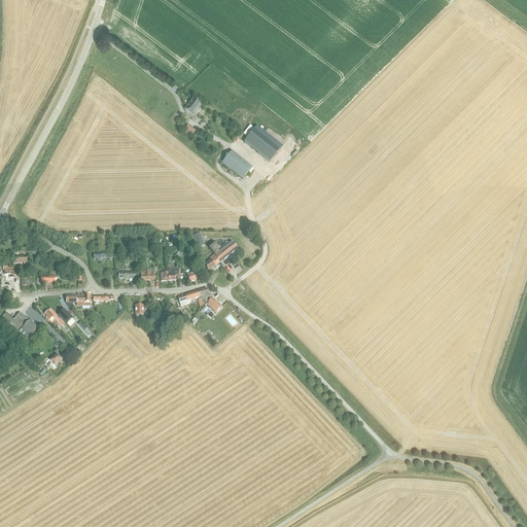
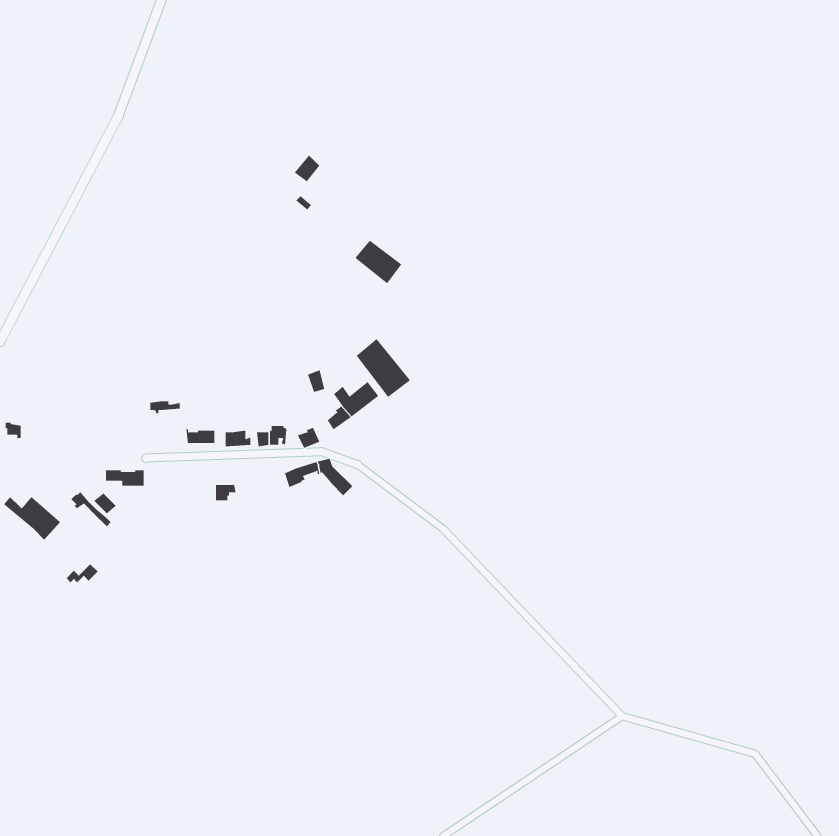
building: [244,126,282,161] -> none
building: none -> [356,338,411,398]

